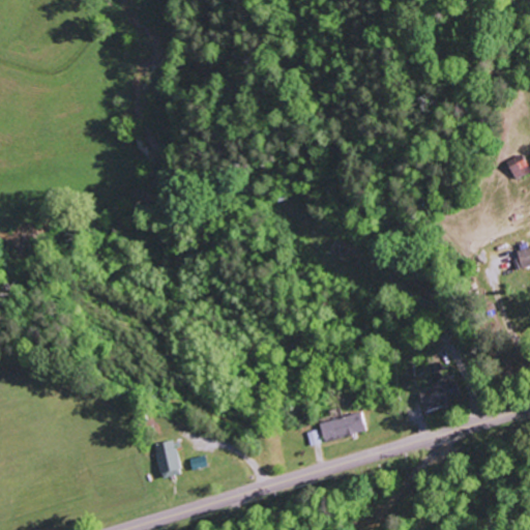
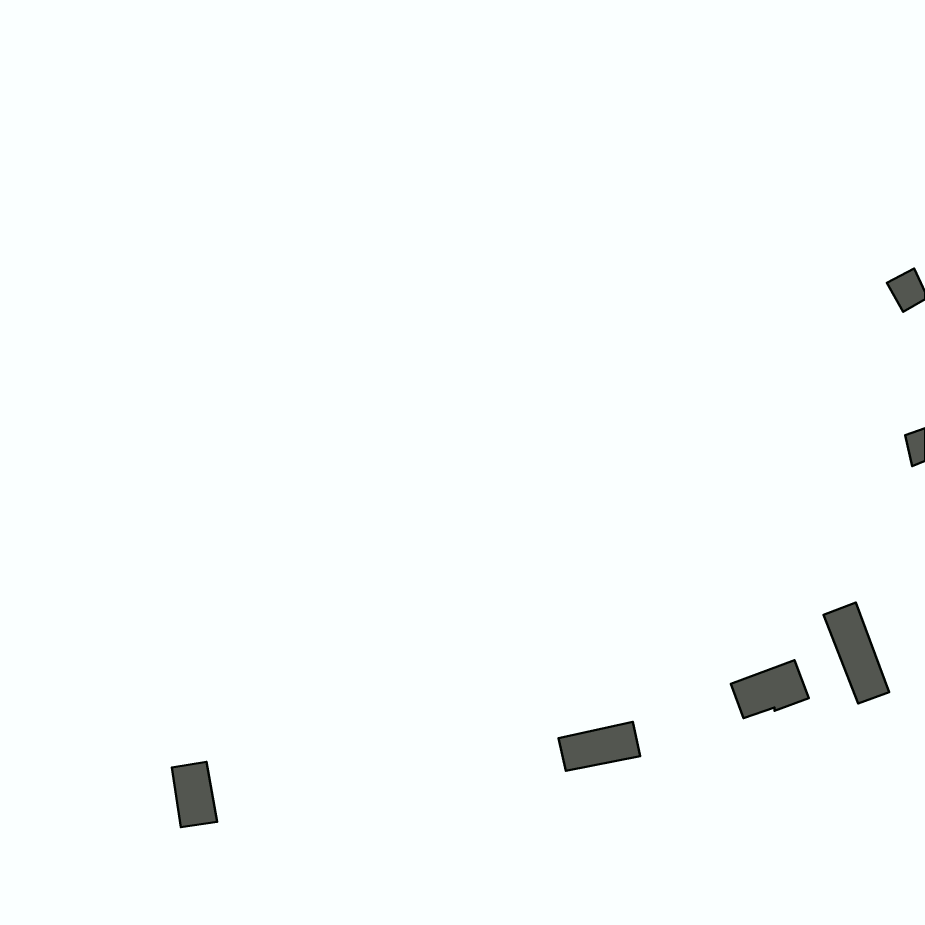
building: none -> [823,602,889,703]
building: [155,440,181,477] -> [172,762,217,827]

